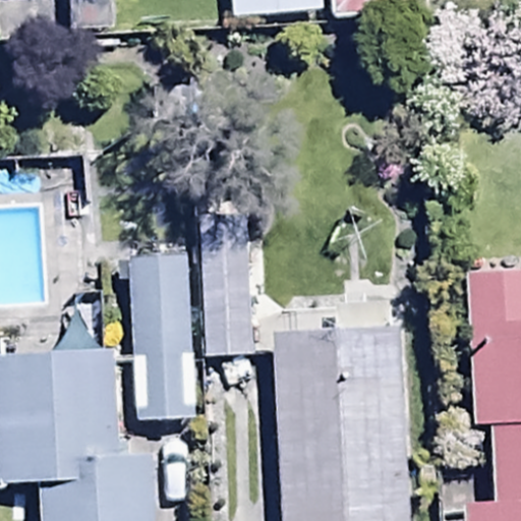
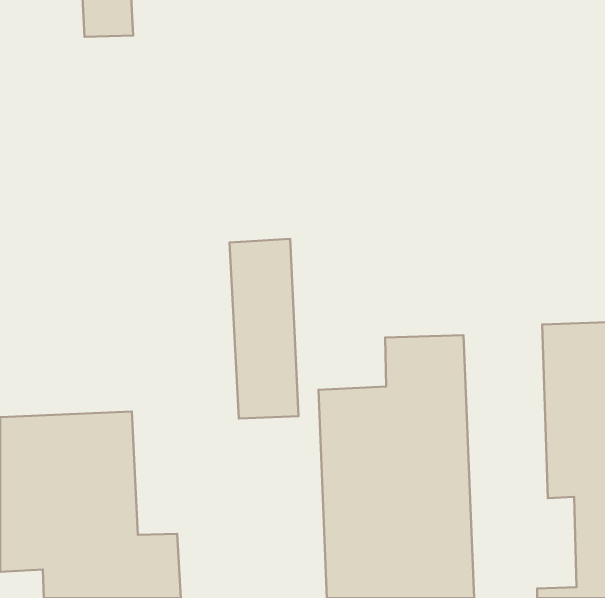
building: [126,258,194,422] -> none

